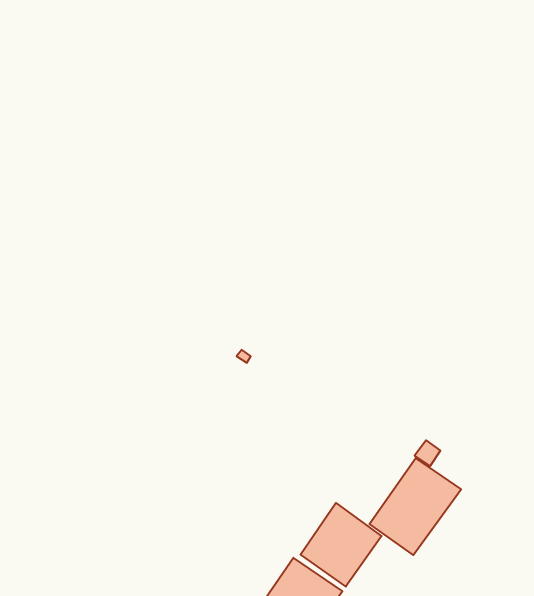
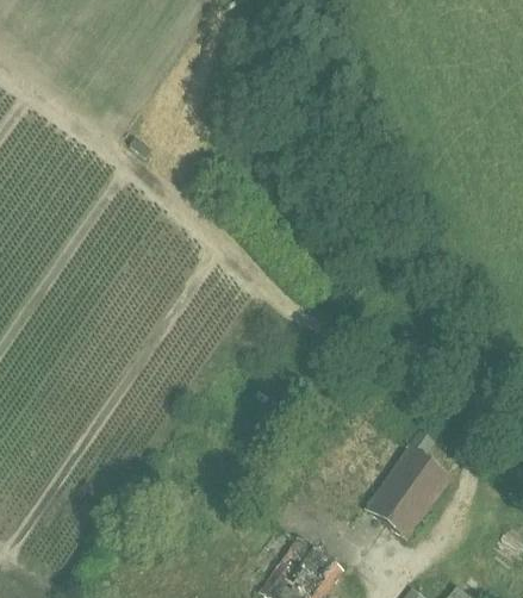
building: [301,503,382,587] -> none

